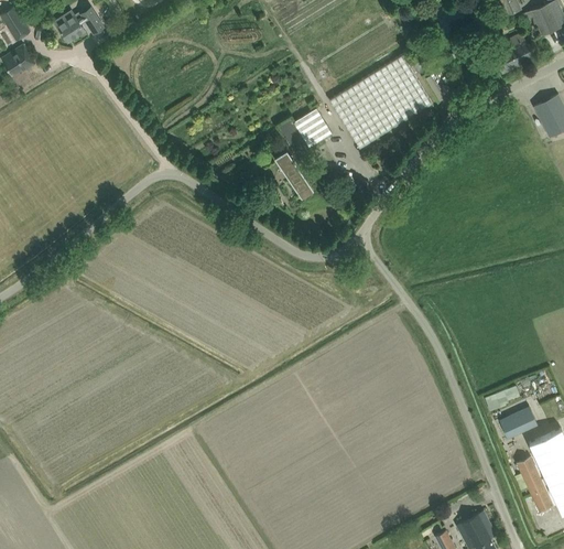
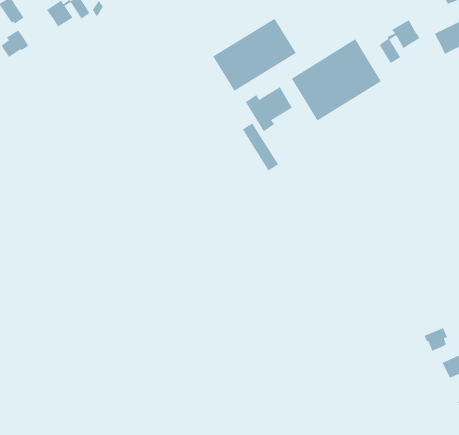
building: none -> [212,18,297,92]
building: none -> [379,19,421,64]
building: none -> [424,327,448,352]

